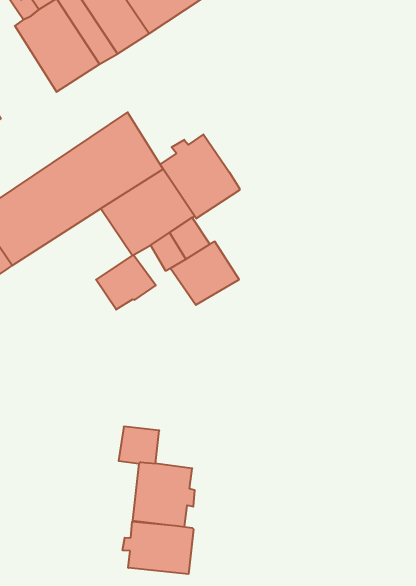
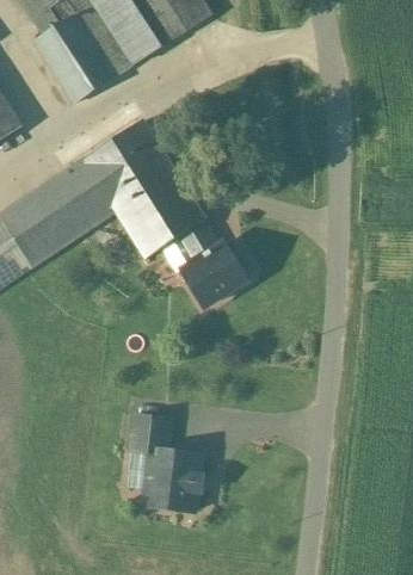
building: [160,134,240,219] -> none
building: [96,255,156,310] -> none
building: [123,522,193,574] -> none

